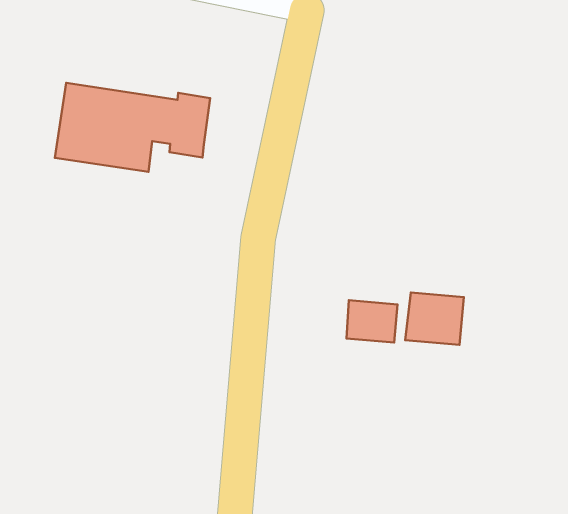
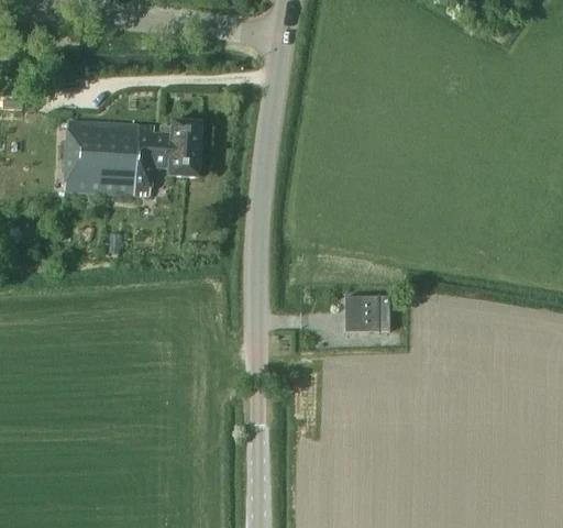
building: [405,292,464,345] -> none

